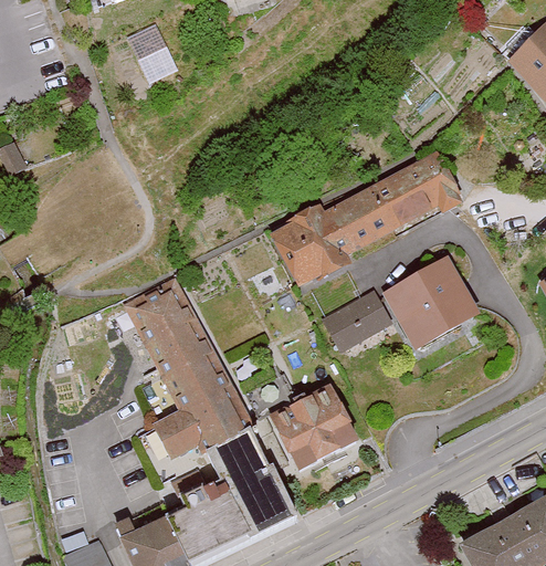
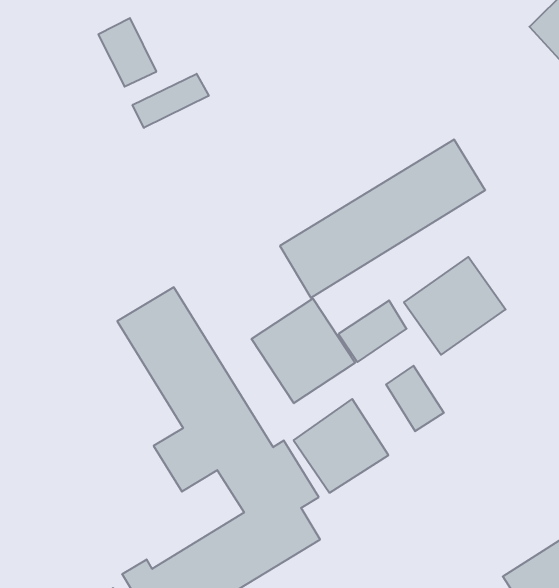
building: none -> [133,74,209,128]
building: none -> [252,298,355,403]
building: none -> [386,366,444,431]

